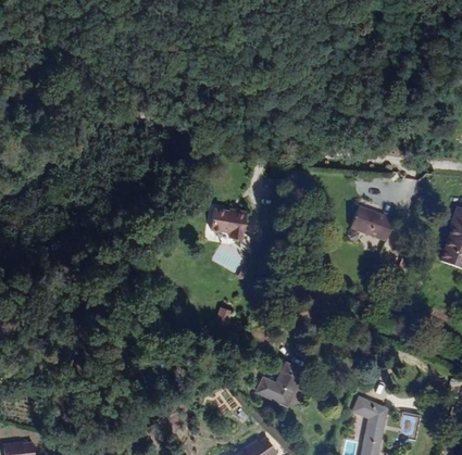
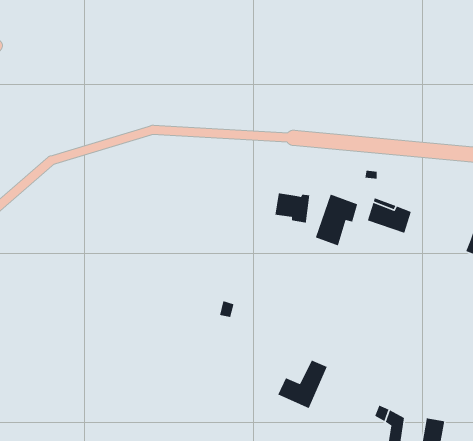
building: none -> [315,193,358,247]
building: [216,214,249,242] -> [275,193,310,223]

